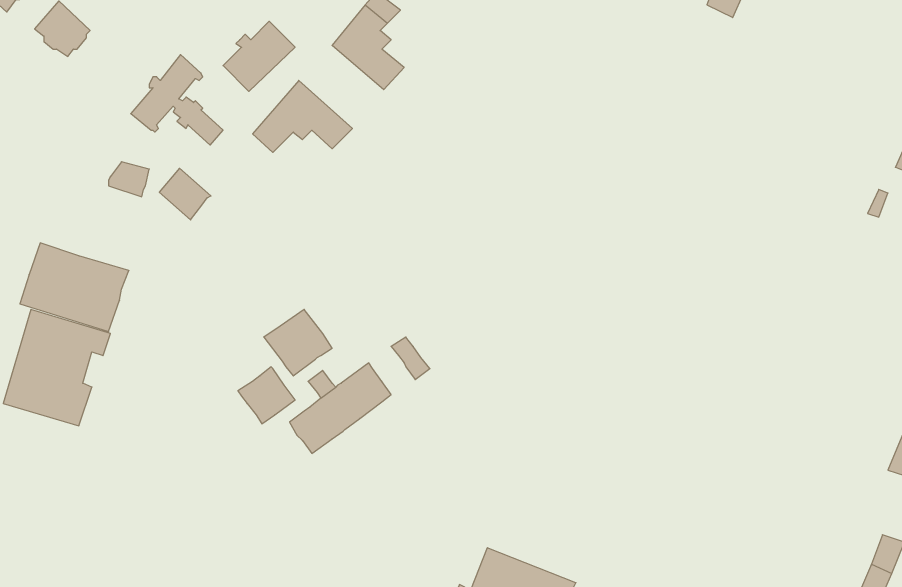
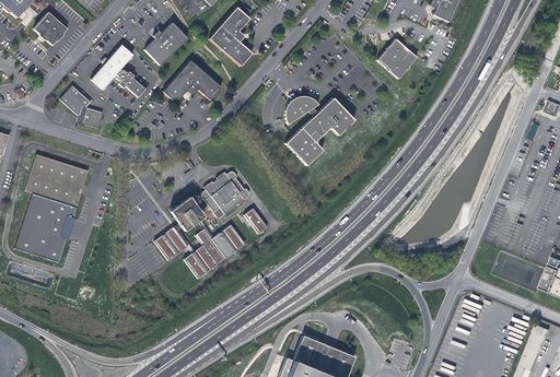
building: none -> [378,36,419,76]
building: none -> [284,94,354,165]
building: [159,168,211,220] -> [60,85,91,116]
building: none -> [201,172,250,219]

